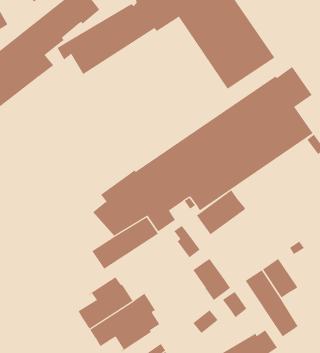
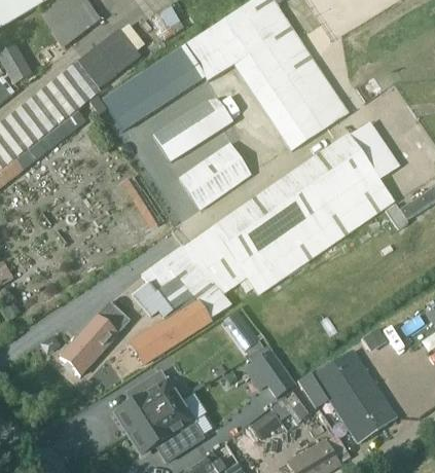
building: none -> [154,97,232,161]
building: none -> [179,143,251,209]
building: [196,190,246,235] -> none
building: none -> [60,301,130,375]
building: none -> [355,385,396,430]

